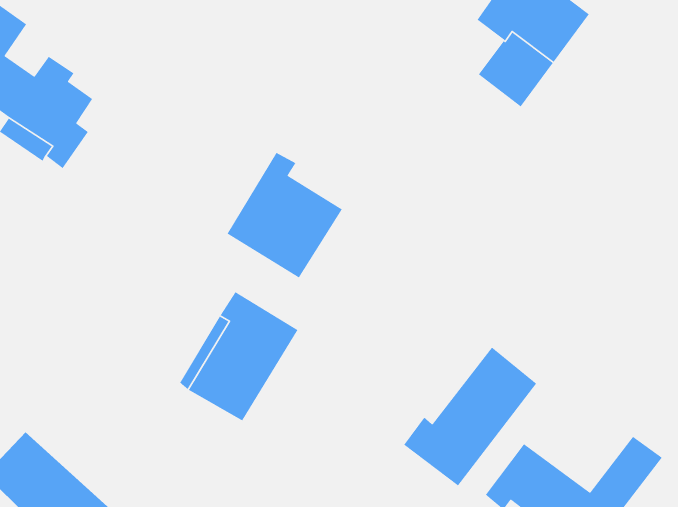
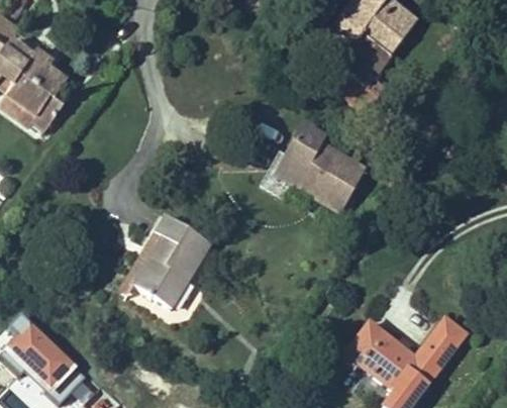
building: [226,152,343,278] -> none
building: none -> [283,127,370,209]
building: [403,347,537,487] -> none

